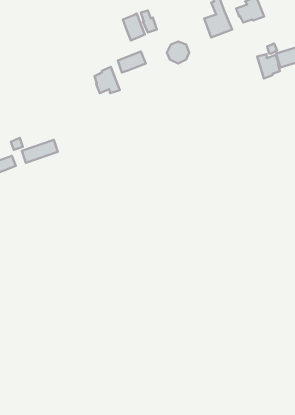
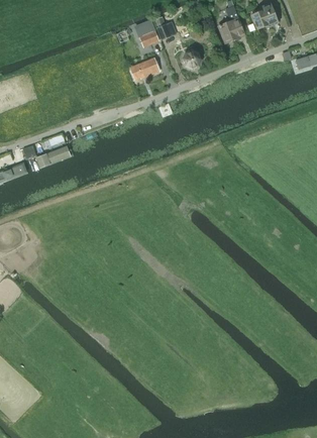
building: [257,54,280,78] -> none
building: [94,67,120,93] -> none

